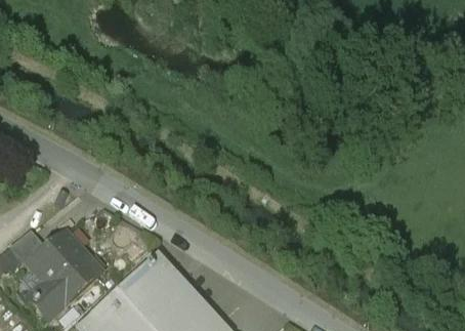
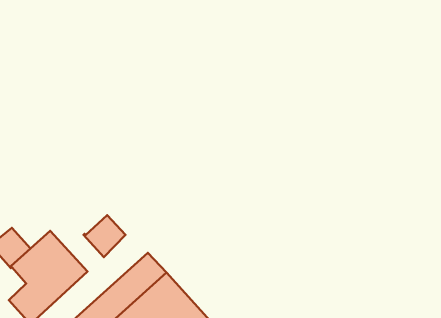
building: none -> [83,215,126,257]

